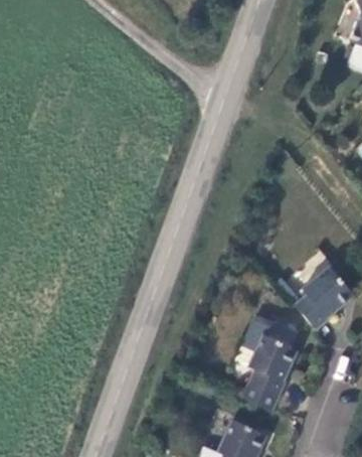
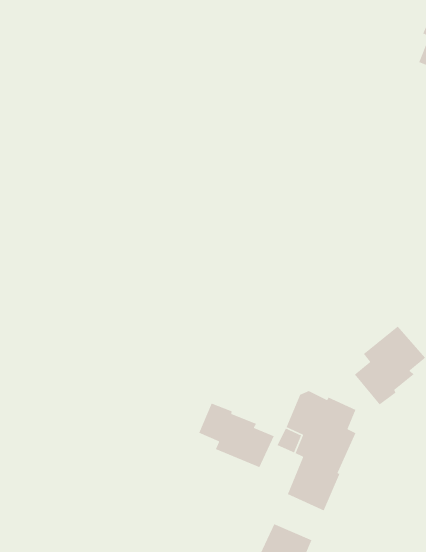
building: none -> [198,403,275,468]

